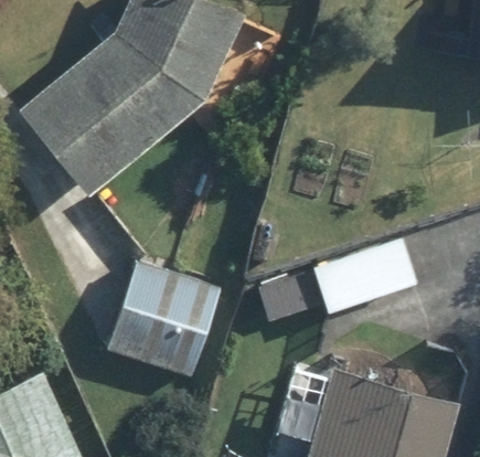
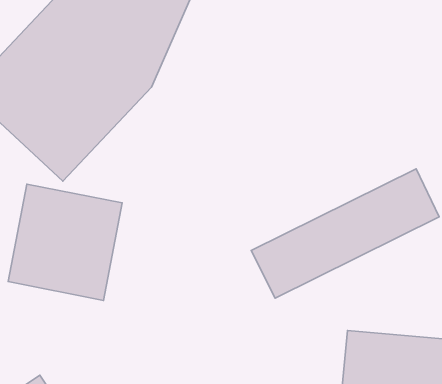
building: [107,262,223,380] -> [8,184,122,301]

